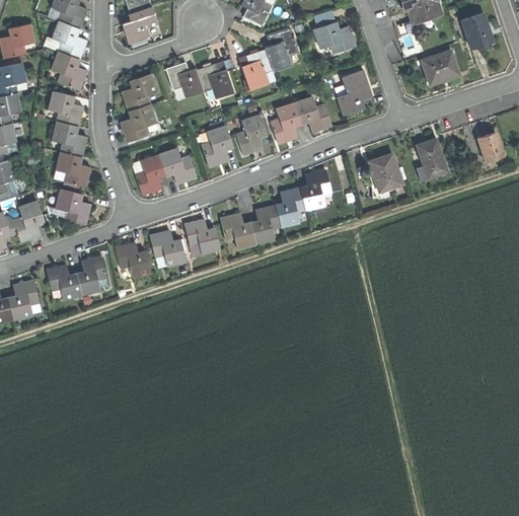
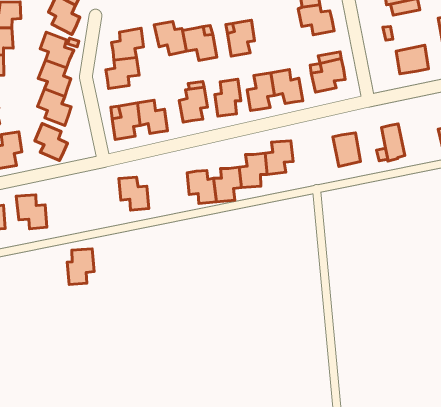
building: [266,30,296,71] -> none
building: [182,218,219,257] -> none
building: [113,240,148,276] -> none
building: [75,254,104,295] -> [67,249,94,285]

